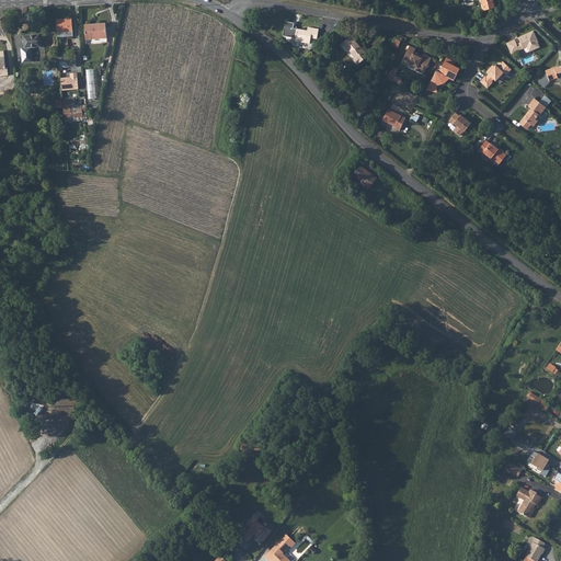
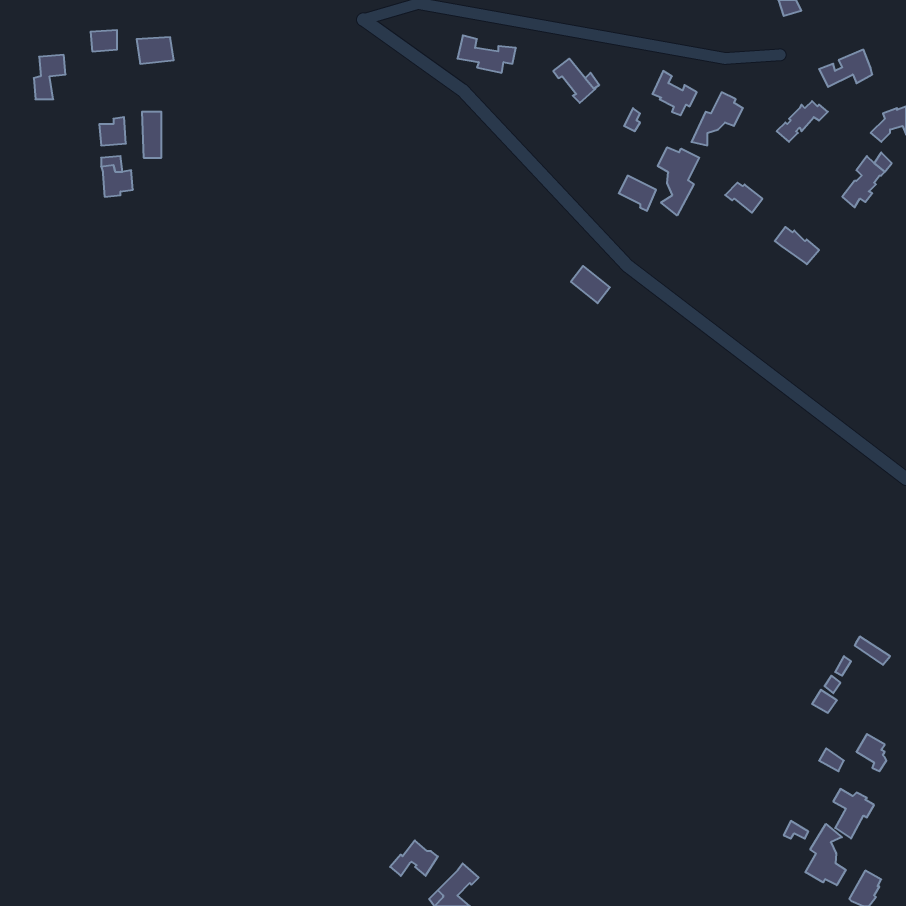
building: none -> [658,147,699,215]
building: none -> [805,824,846,885]

